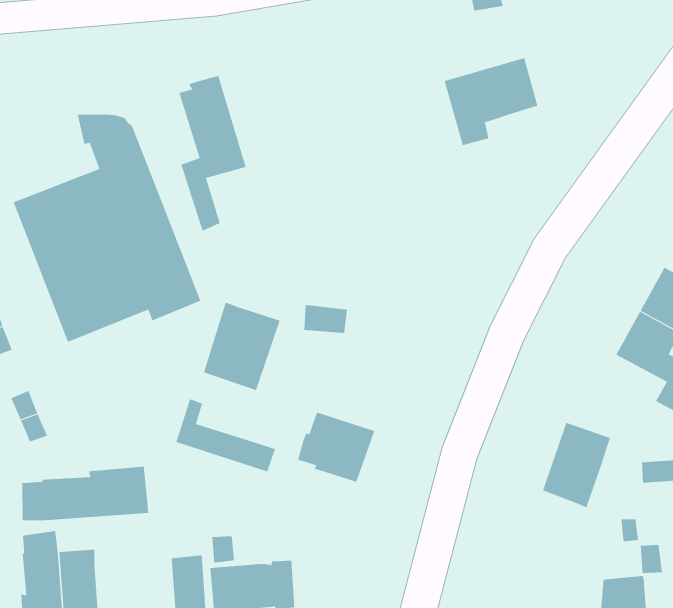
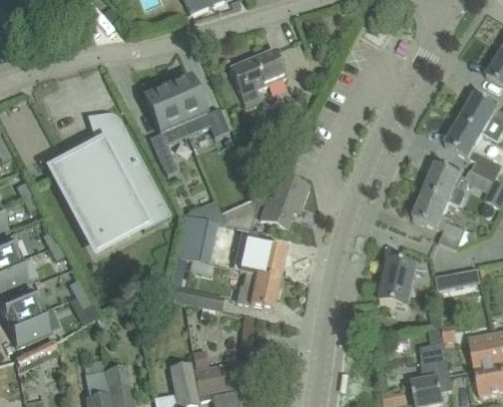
building: [444,57,538,146] -> [228,48,285,103]
building: none -> [165,75,228,136]
building: none -> [261,174,309,227]
building: none -> [239,239,287,278]
building: [22,466,149,521] -> none

